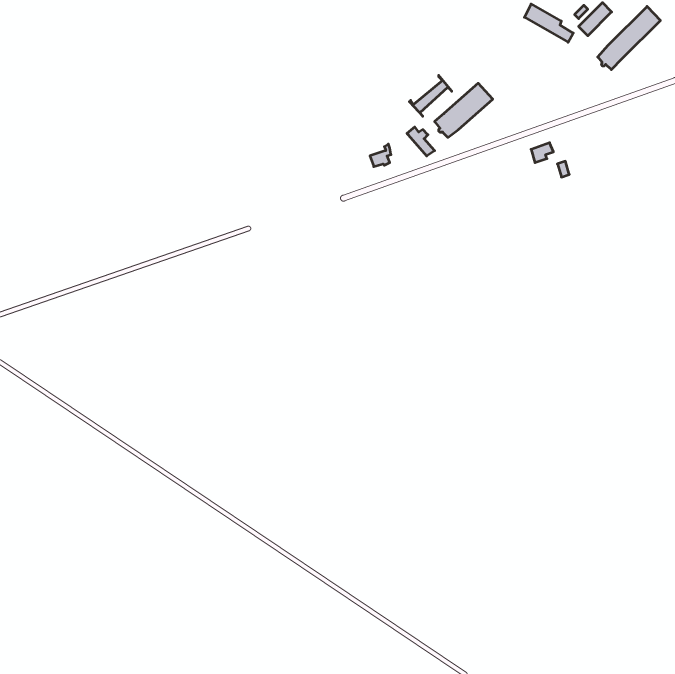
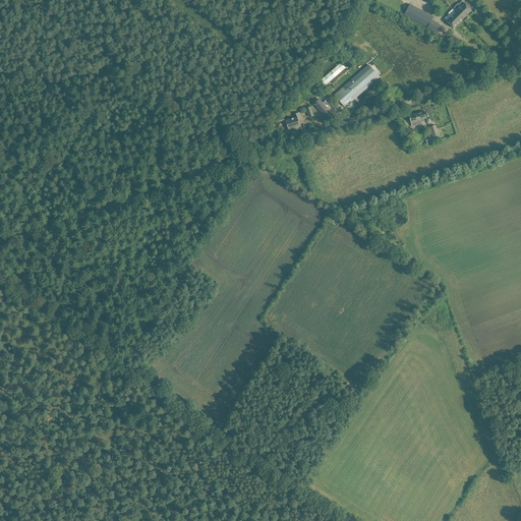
building: [598,6,660,70] -> none

